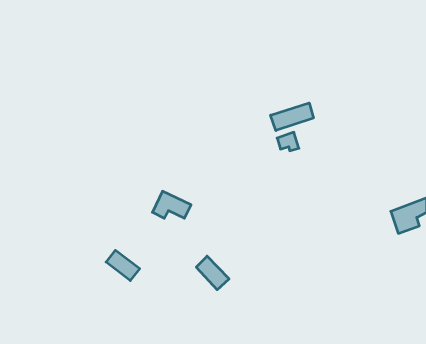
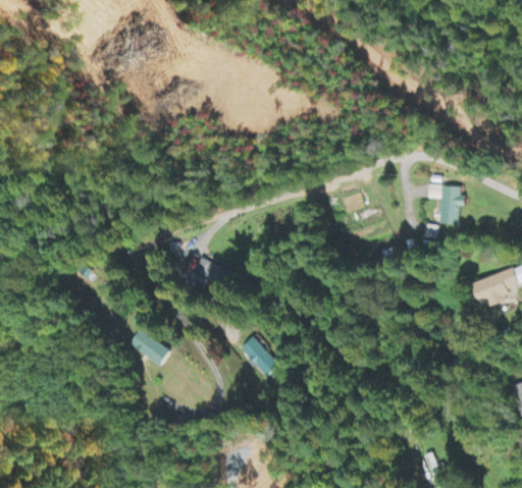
building: [271,103,313,131] -> none
building: none -> [439,185,465,223]

